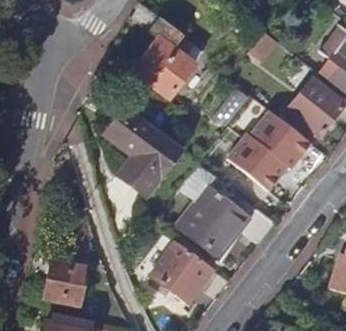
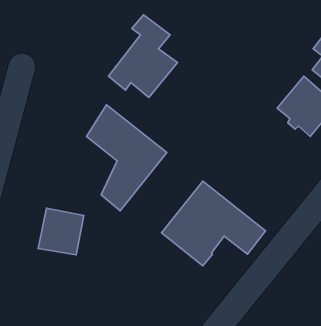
building: [228,110,311,190] -> none
building: [150,241,212,302] -> none
building: [44,261,87,305] -> [38,208,84,255]

